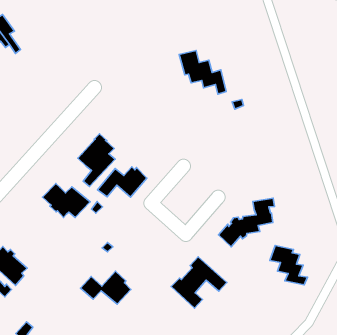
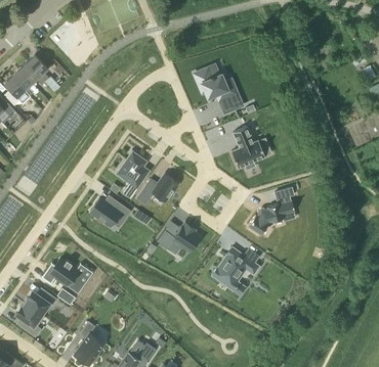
building: none -> [231,126,265,170]
building: [270,246,307,285] -> none
building: [81,271,131,304] -> [156,222,200,250]

